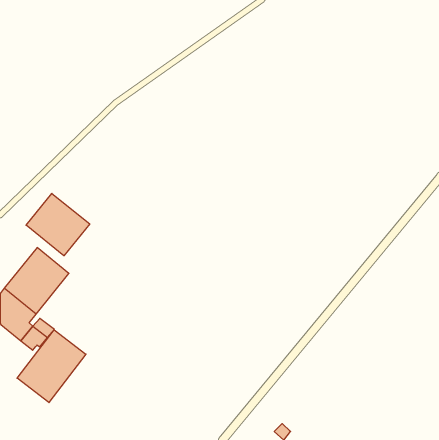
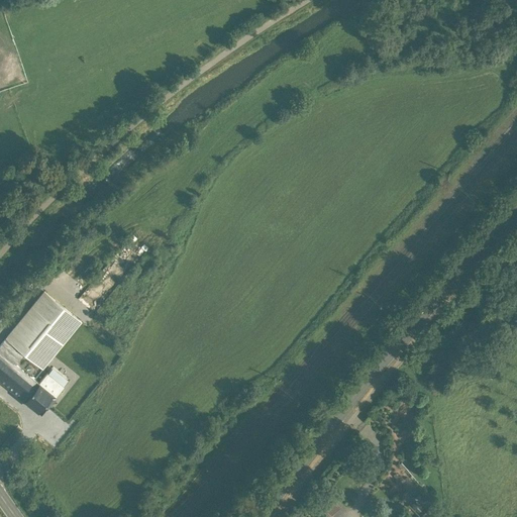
building: [26,193,90,256] -> none
building: [17,330,86,403] -> none

